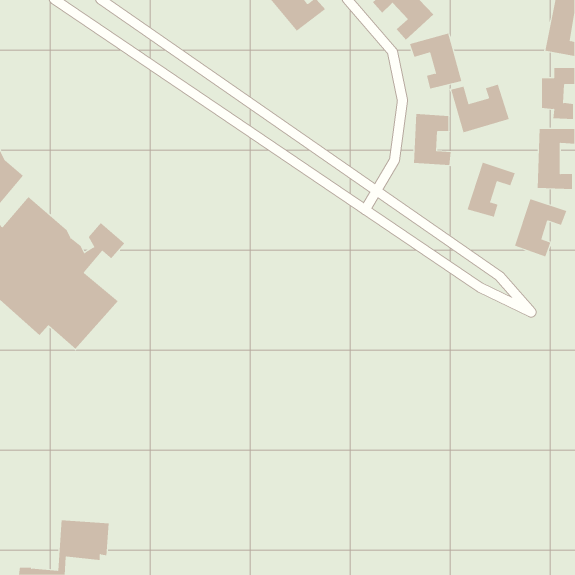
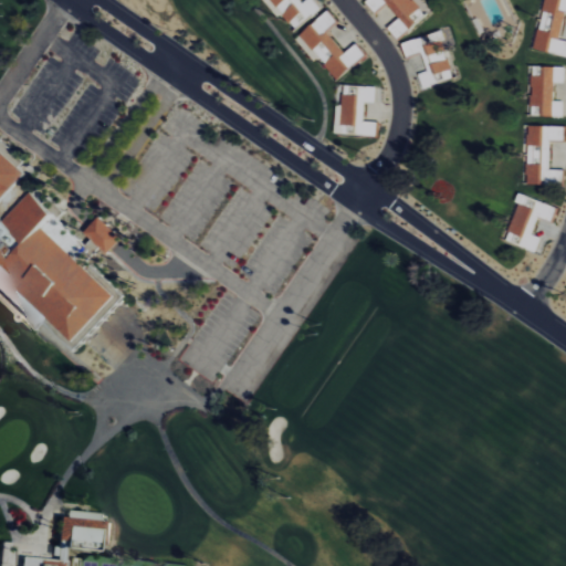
building: none -> [294,11,365,80]
building: [451,84,510,133] -> none
building: [413,114,451,165] -> [339,85,377,136]
building: [467,162,515,218] -> none

